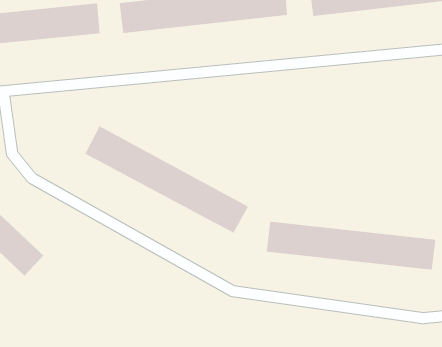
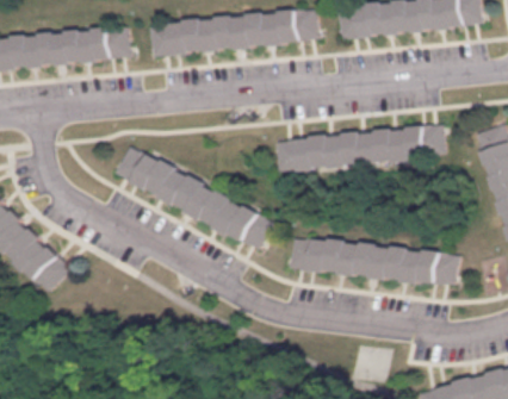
building: none -> [271,124,438,172]

